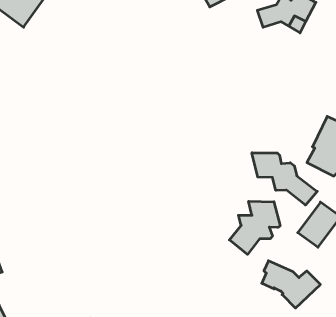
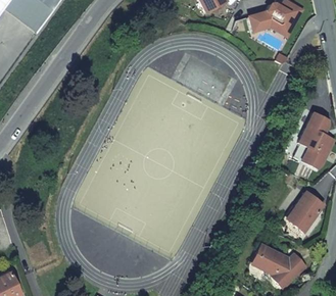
building: [252,153,317,205] -> none
building: [229,201,280,254] -> none

